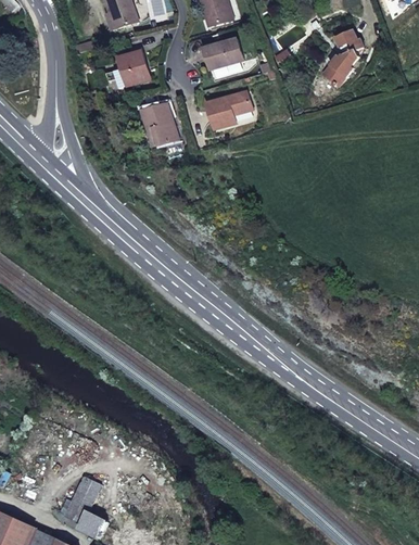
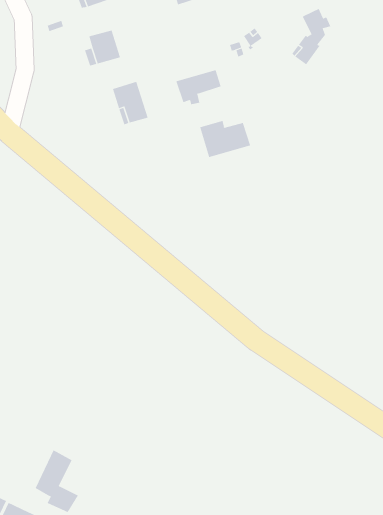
building: [202,38,242,71] -> none
building: none -> [200,120,251,158]

